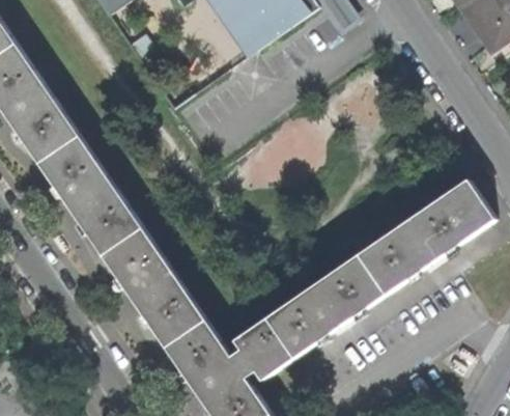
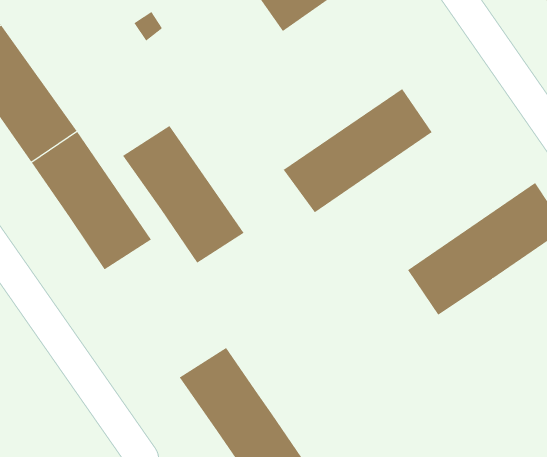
building: none -> [283,88,433,213]
building: [101,228,204,345] -> [122,125,244,263]
building: [229,254,384,379] -> none

